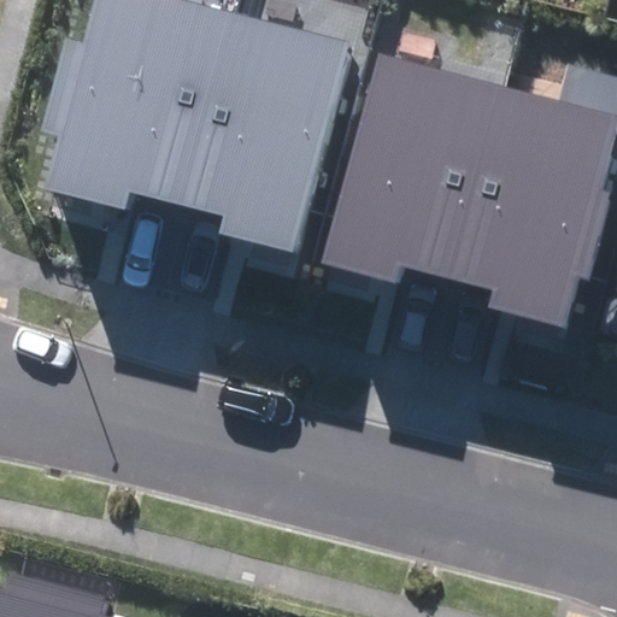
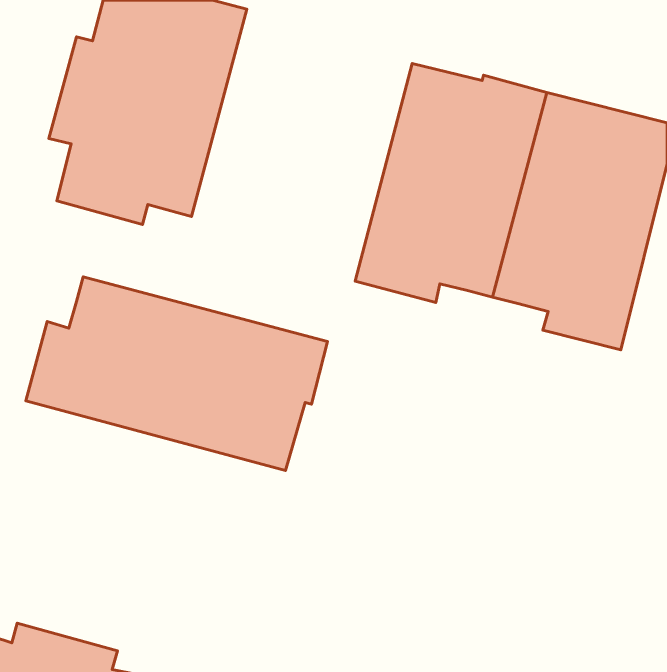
building: [175,11,354,253] -> none
building: none -> [26,277,328,471]

